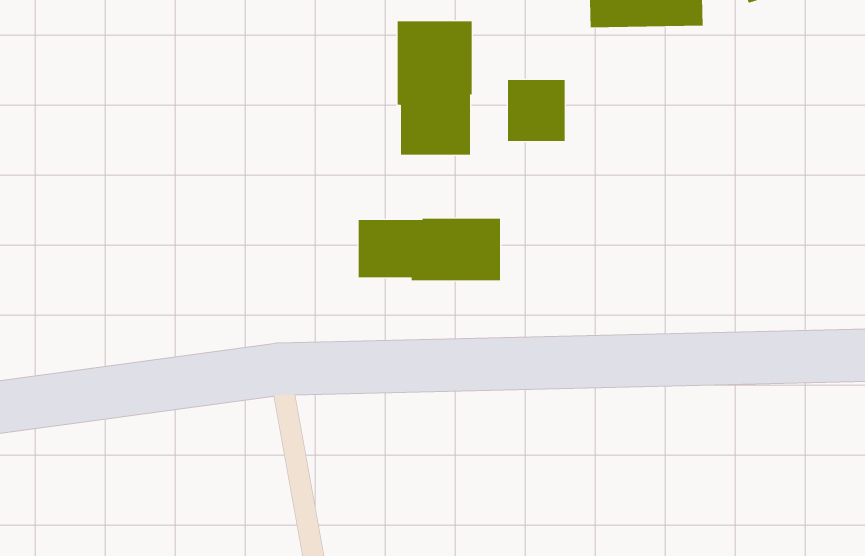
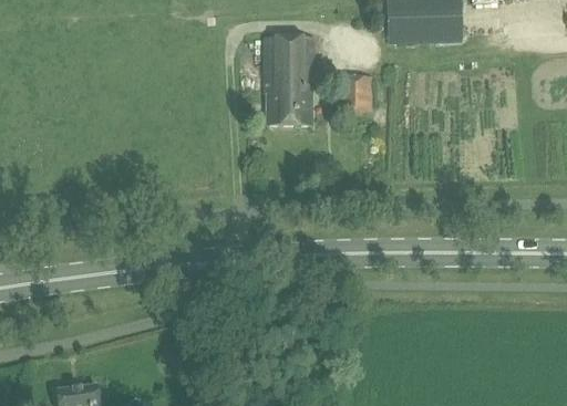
building: [358,218,501,281] -> none

